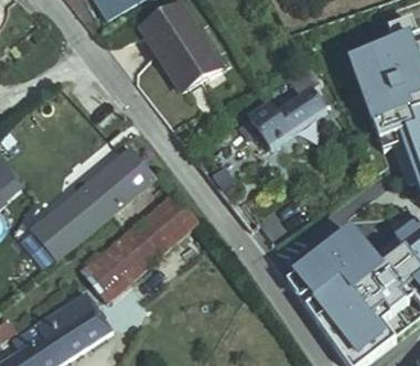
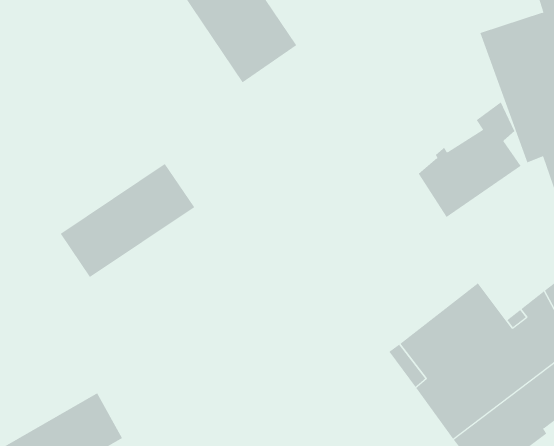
building: [252,60,325,141] -> [418,101,522,218]
building: [24,196,77,248] -> none
building: [80,206,200,312] -> none

